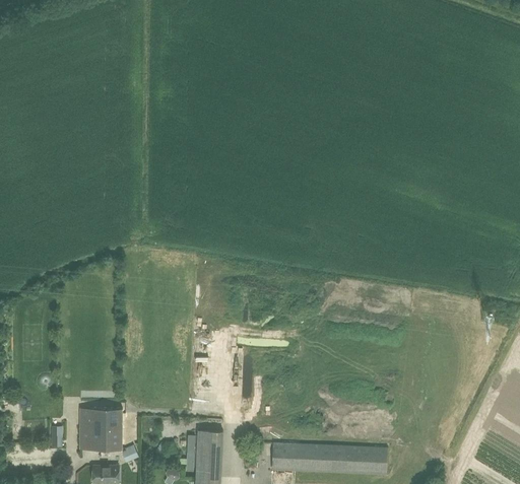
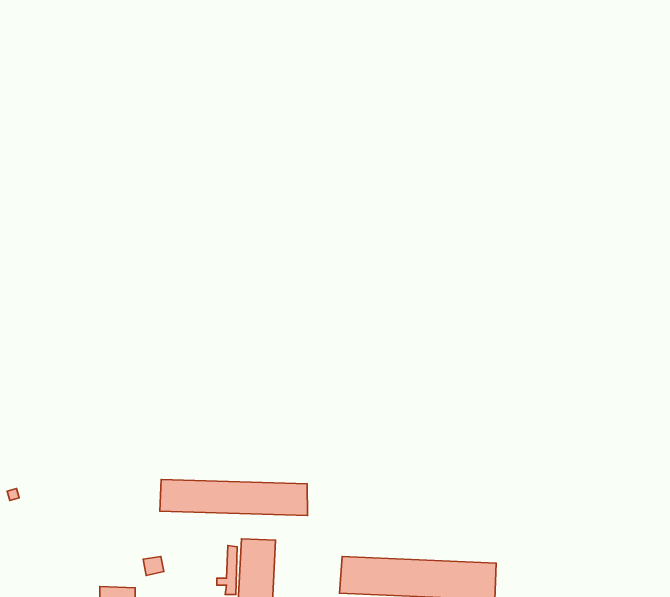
building: none -> [160,480,307,516]
building: [79,408,122,450] -> none

